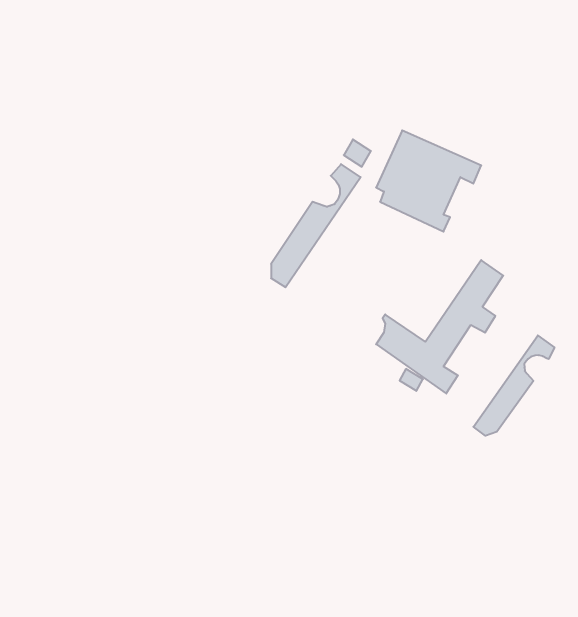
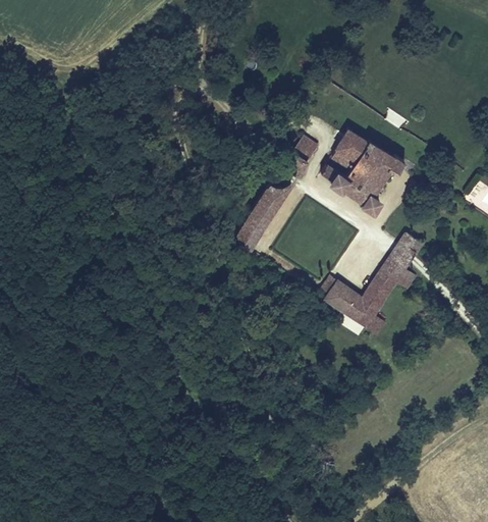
building: [473,335,554,436] -> none

